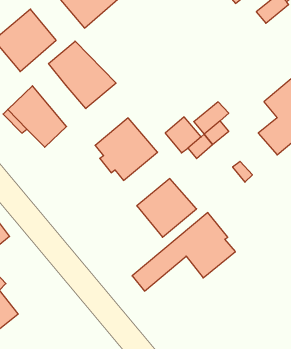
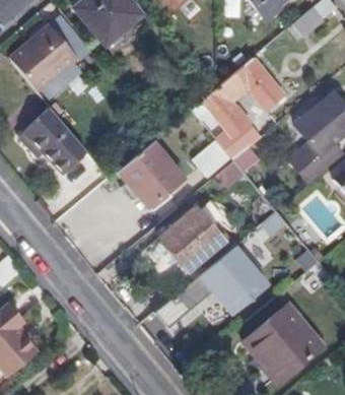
building: none -> [203,58,285,131]
building: [49,41,116,109] -> none
building: none -> [240,302,320,378]

